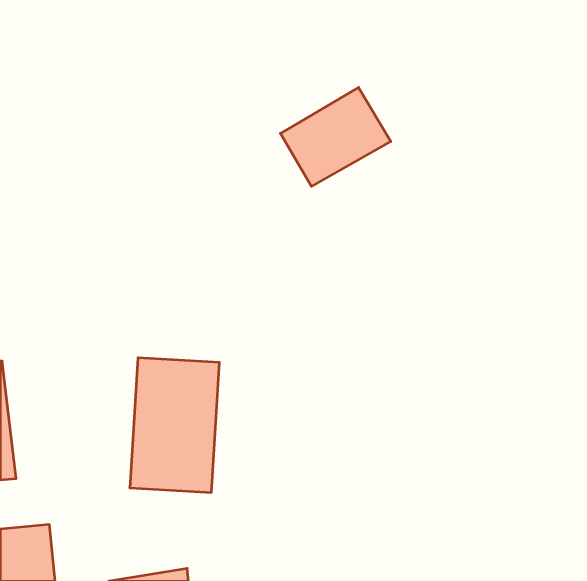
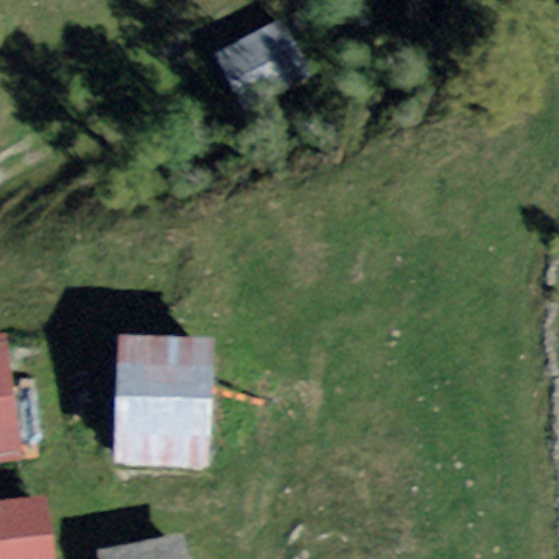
building: [280,87,391,186] -> [211,14,316,108]

